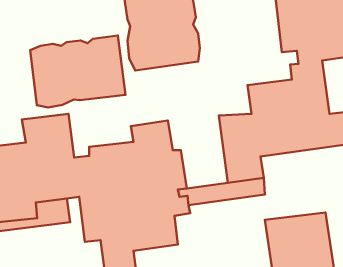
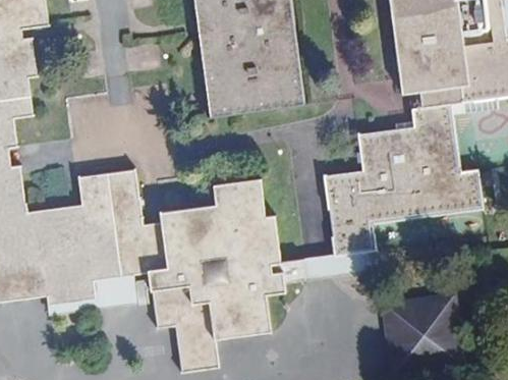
building: [30,36,126,107] -> none

